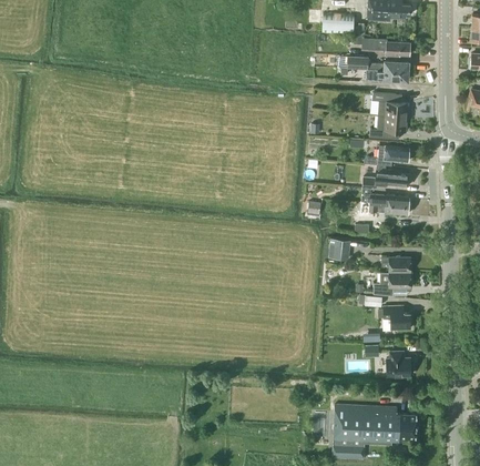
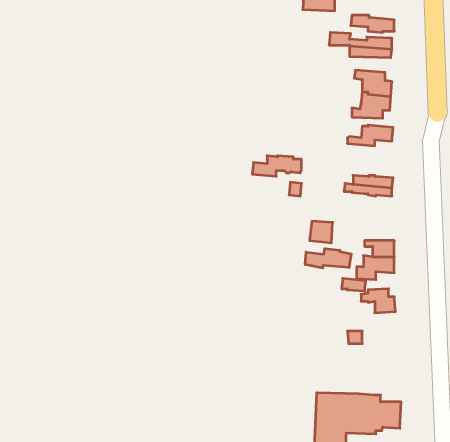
building: [361,170,409,190] -> [252,156,301,176]
building: none -> [305,249,351,268]
building: [386,351,412,376] -> none

